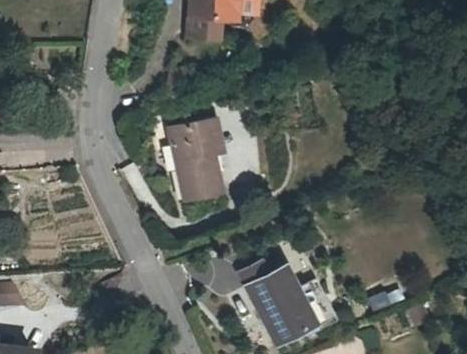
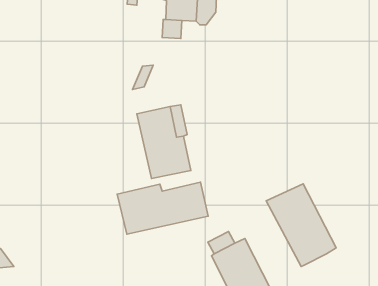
building: none -> [117,182,208,234]
building: none -> [266,184,336,266]

